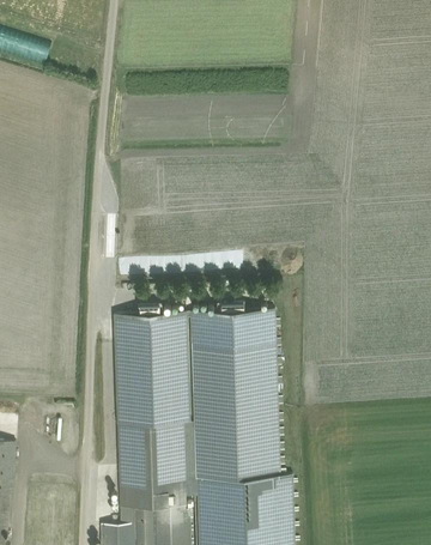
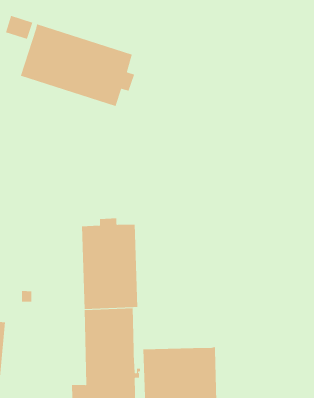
building: none -> [20,24,135,107]
building: [183,310,278,486] -> none

